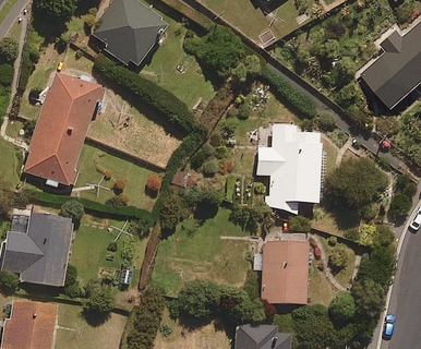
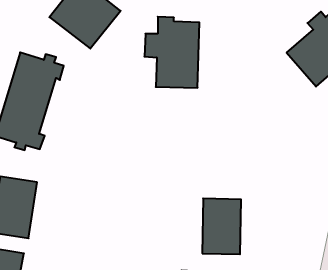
building: [256,127,320,208] -> [144,17,199,88]

